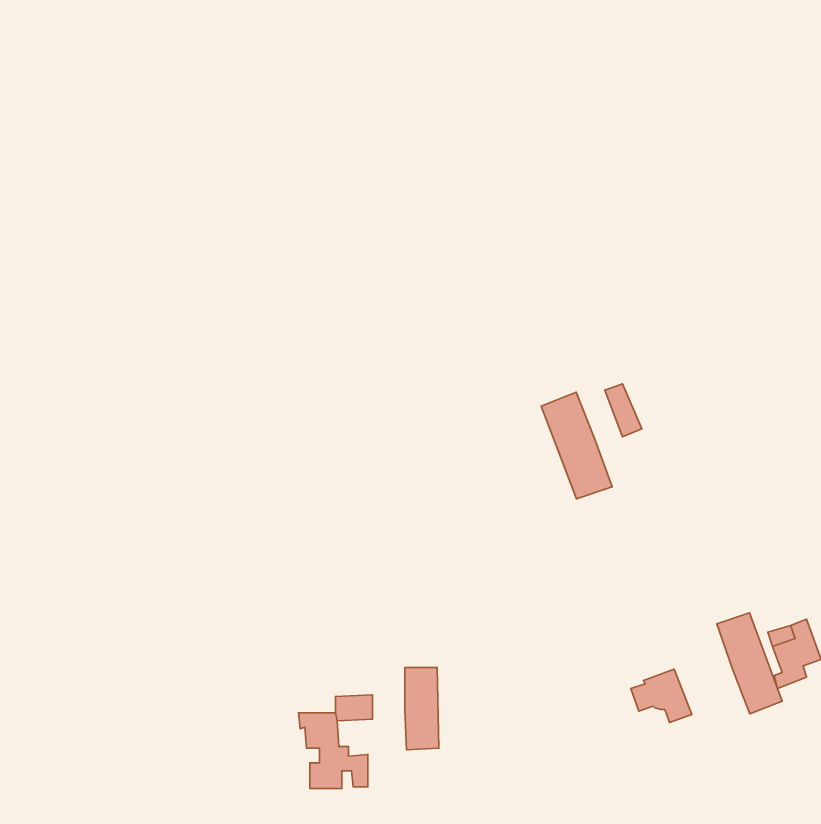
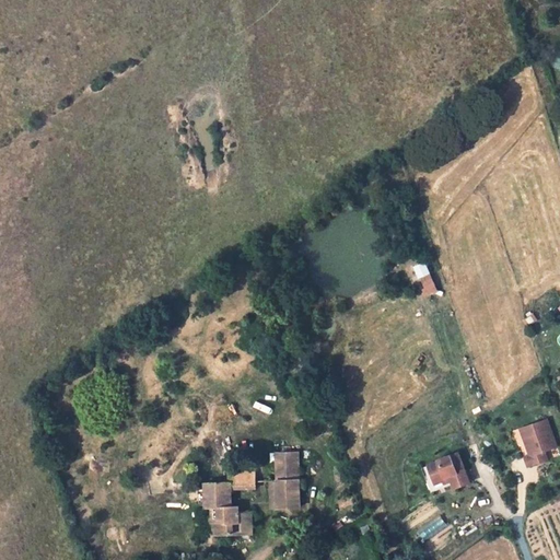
building: [541,392,612,499] -> none
building: [717,613,782,714] -> none

